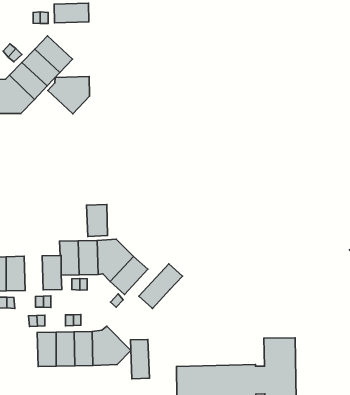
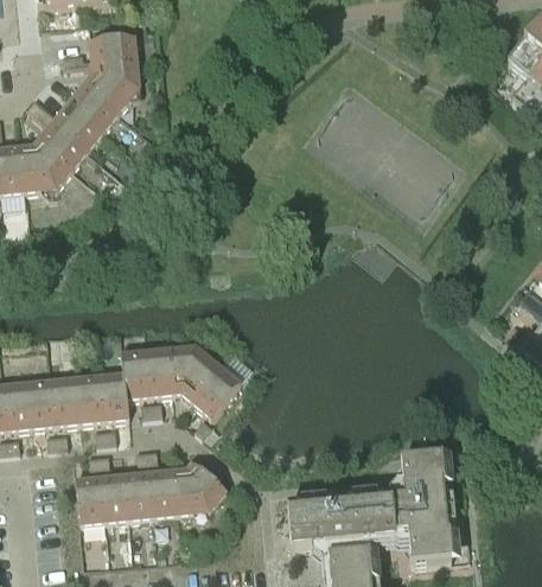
building: [48,77,90,114] -> [84,59,140,110]
building: [87,204,107,236] -> none
building: none -> [76,374,104,421]
building: [139,264,183,308] -> none
building: none -> [76,476,106,523]
building: [131,339,150,379] -> none

